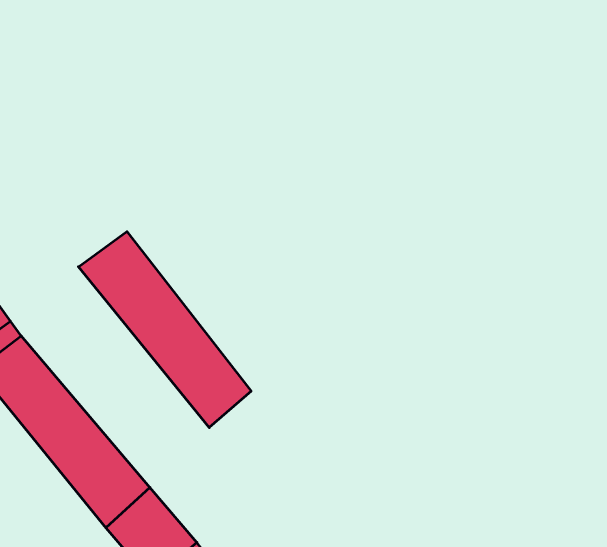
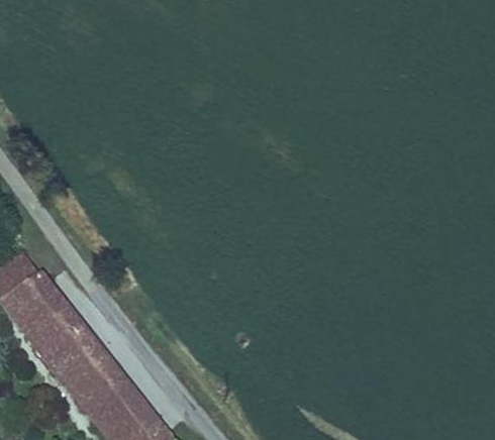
building: [78,232,251,428] -> none

